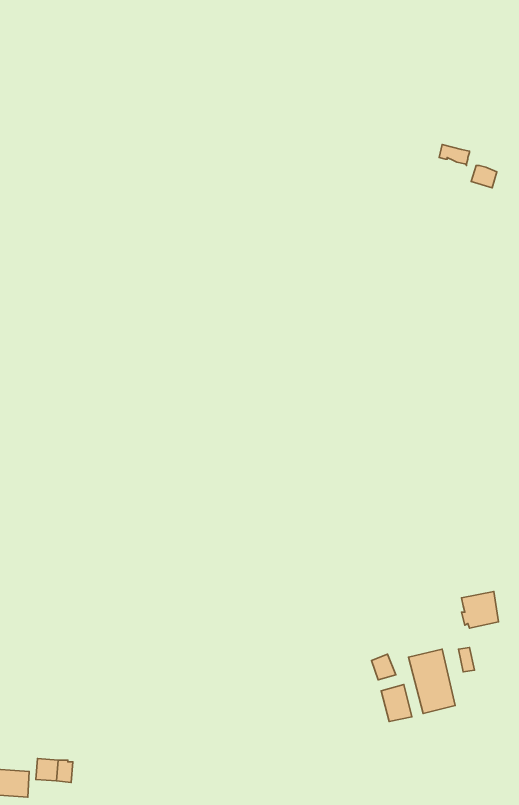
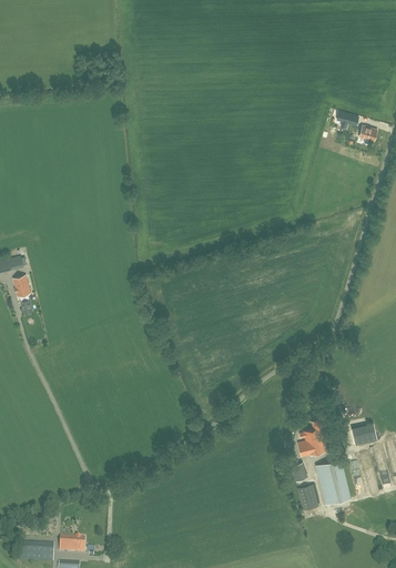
building: none -> [297,419,326,457]

